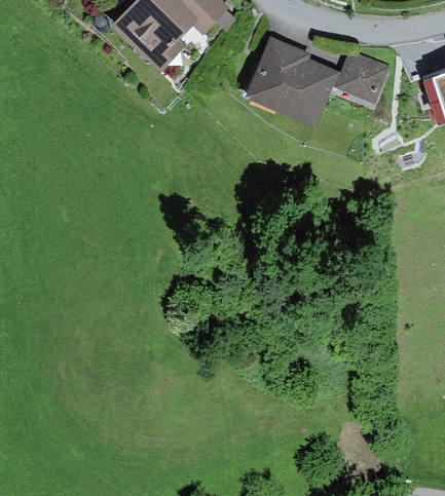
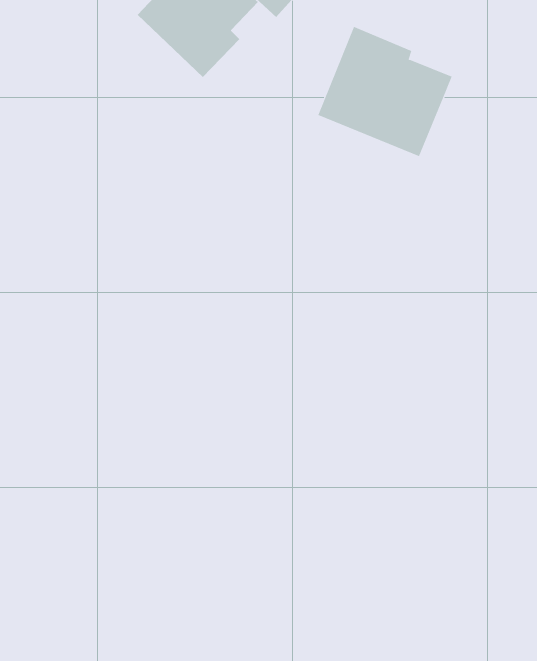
building: [334,49,391,103] -> none

